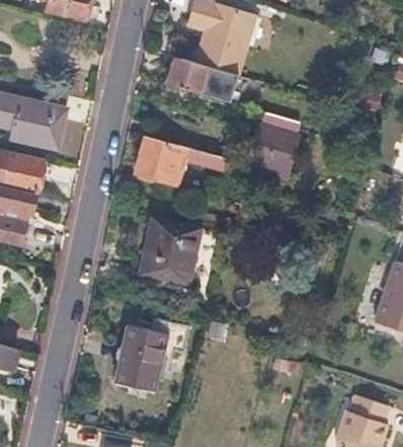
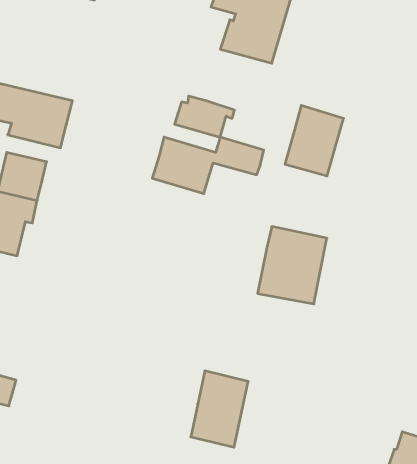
building: [166,59,218,94] -> [175,96,234,137]
building: [139,217,198,284] -> [258,227,327,304]
building: [114,325,164,391] -> [191,371,248,447]

